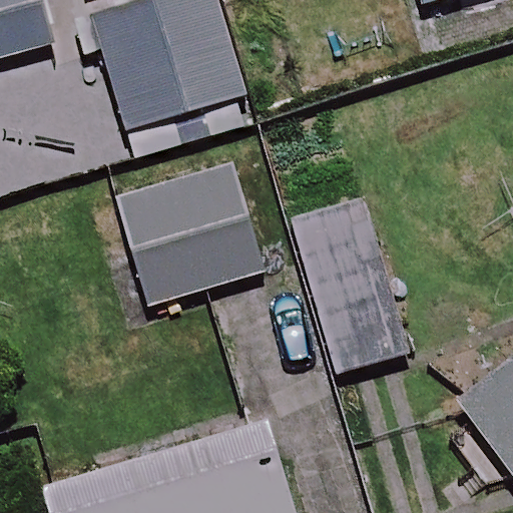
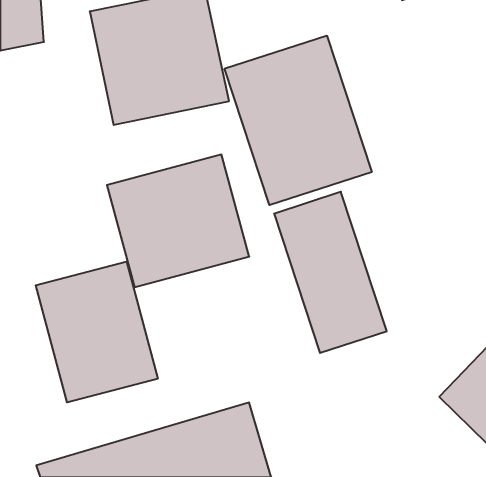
building: none -> [225,36,372,205]
building: none -> [36,262,158,402]

